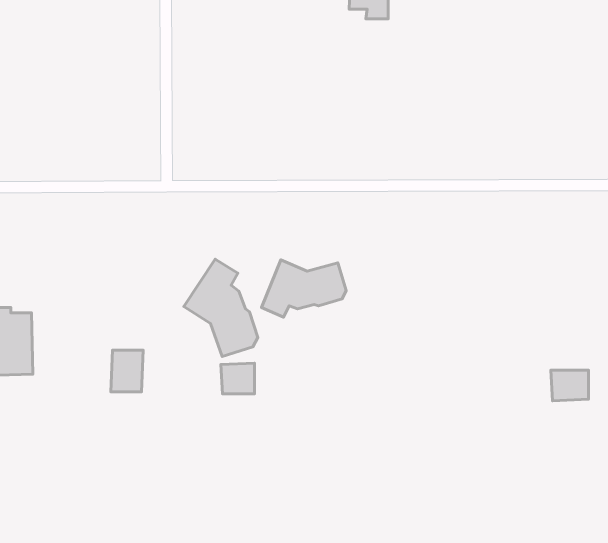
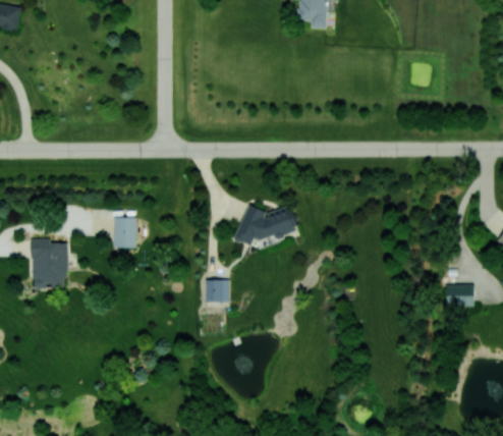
building: [184,259,258,356] -> none
building: [111,350,143,392] -> [113,218,136,249]

